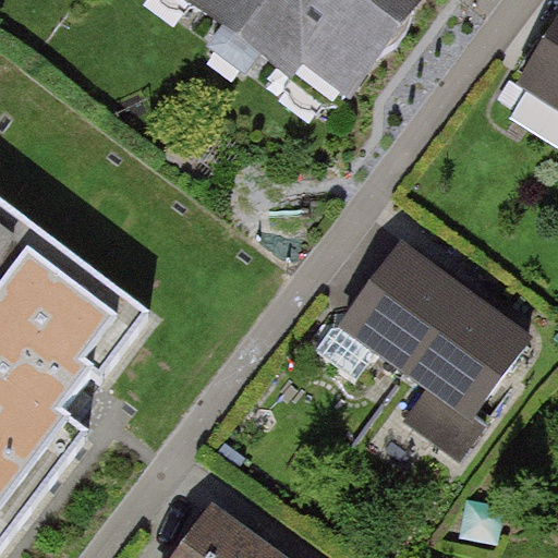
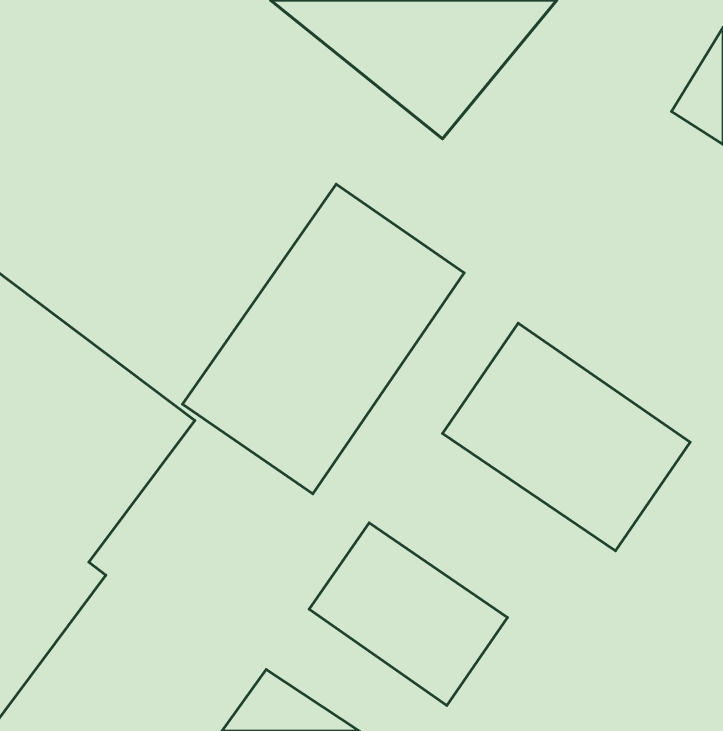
building: none -> [183,184,464,494]
building: none -> [309,523,507,705]

